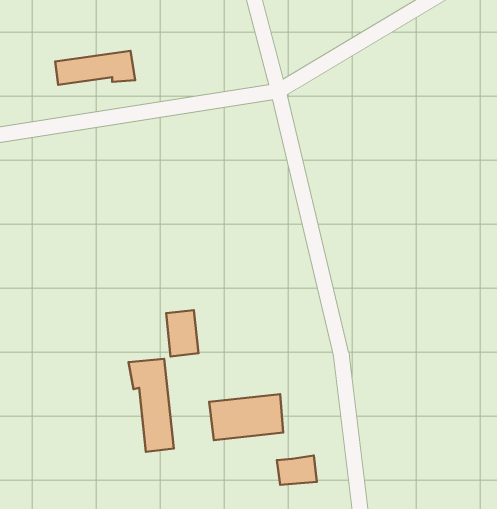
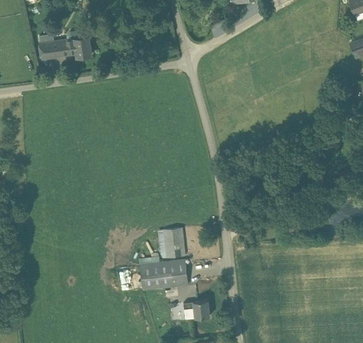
building: [166,310,198,356] -> [163,228,184,258]
building: [129,359,174,452] -> none

